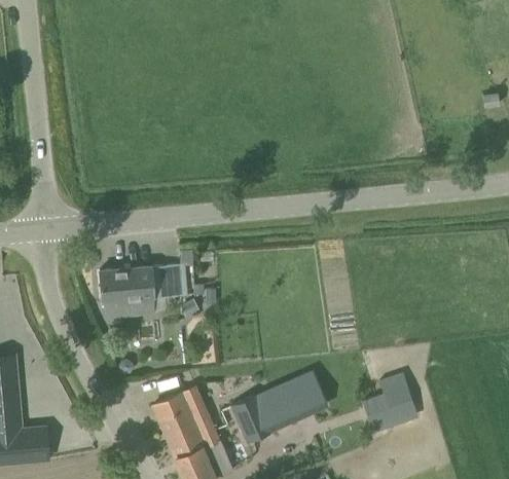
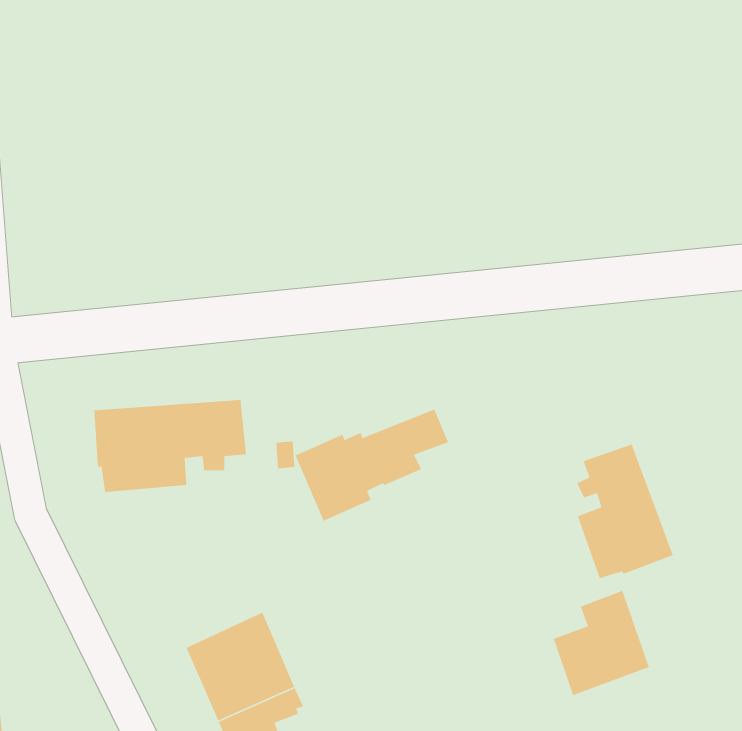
building: none -> [576,443,674,579]
building: [229,378,318,443] -> [294,408,449,522]

